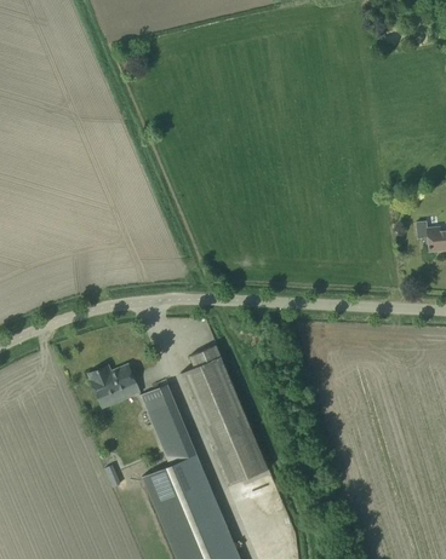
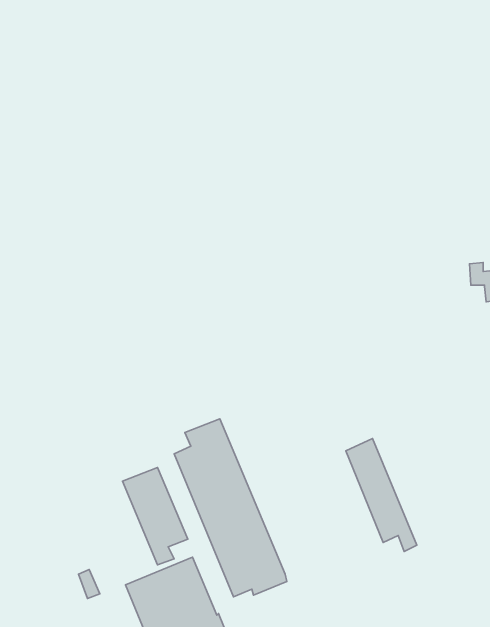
building: none -> [346,439,417,552]
building: [88,365,139,408] -> none

